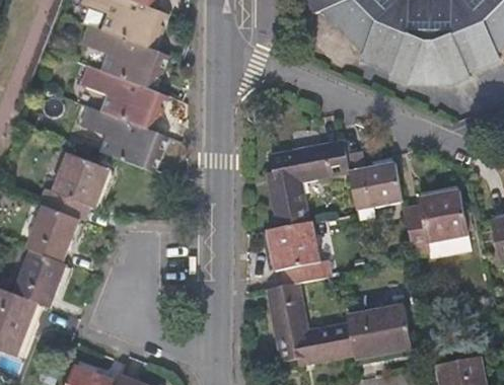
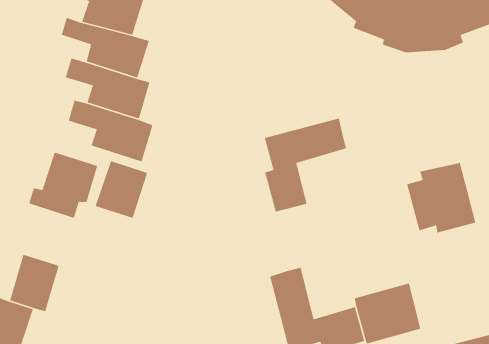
building: [346,150,402,208] -> none
building: [25,205,79,262] -> [95,160,148,219]
building: [266,221,328,284] -> none

